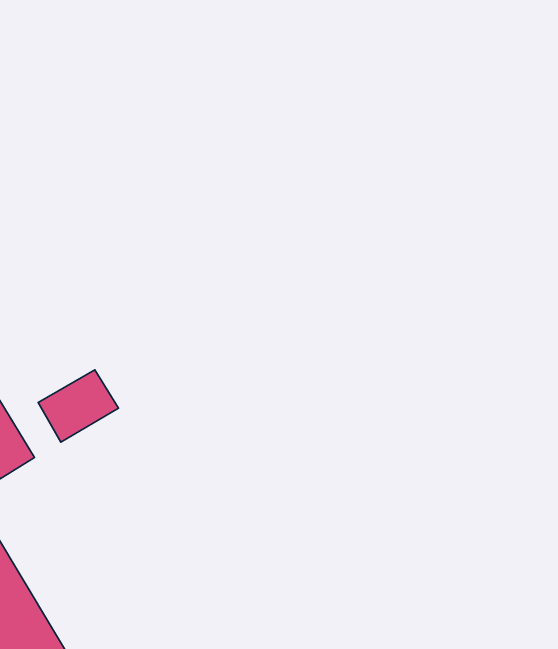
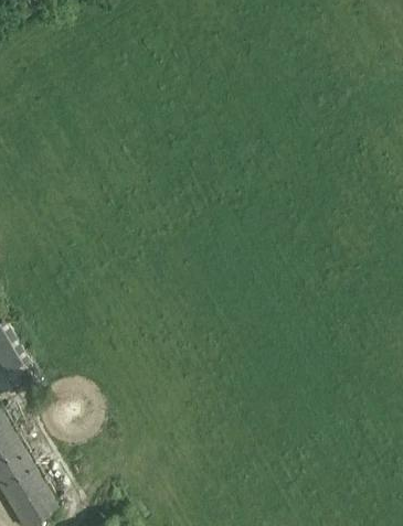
building: [38,370,118,442] -> none

